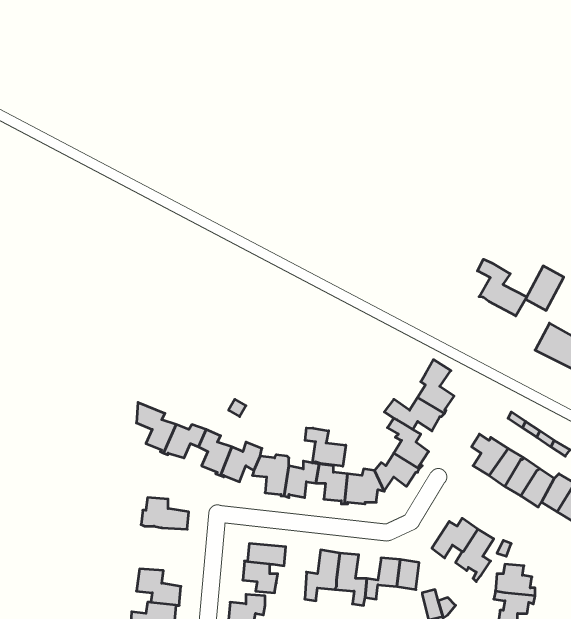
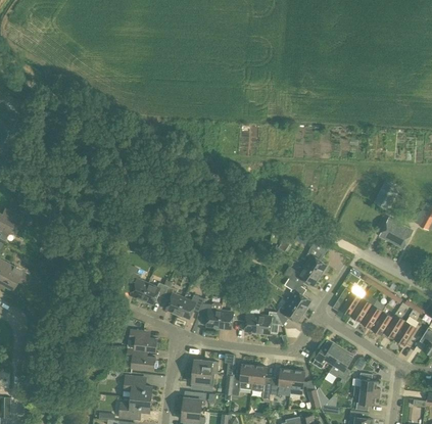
building: [477,259,527,316] -> none
building: [305,428,346,466] -> none
building: none -> [127,348,155,369]

